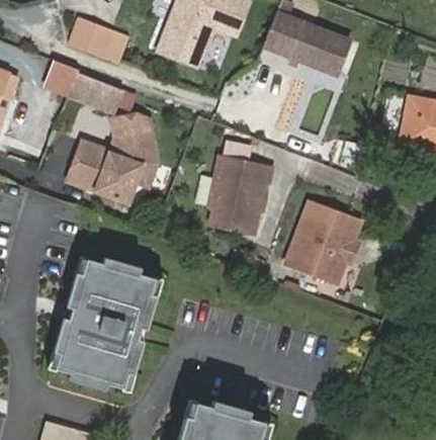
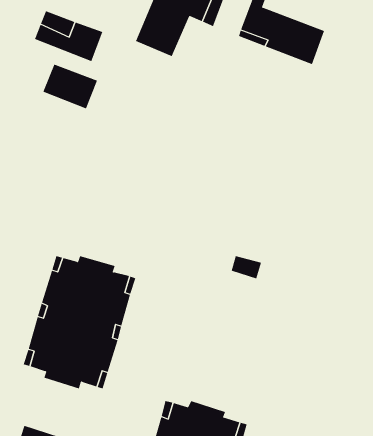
building: [42,61,80,98] -> none
building: [70,112,159,202] -> none
building: [209,154,270,238] -> none
building: [286,205,360,283] -> none

